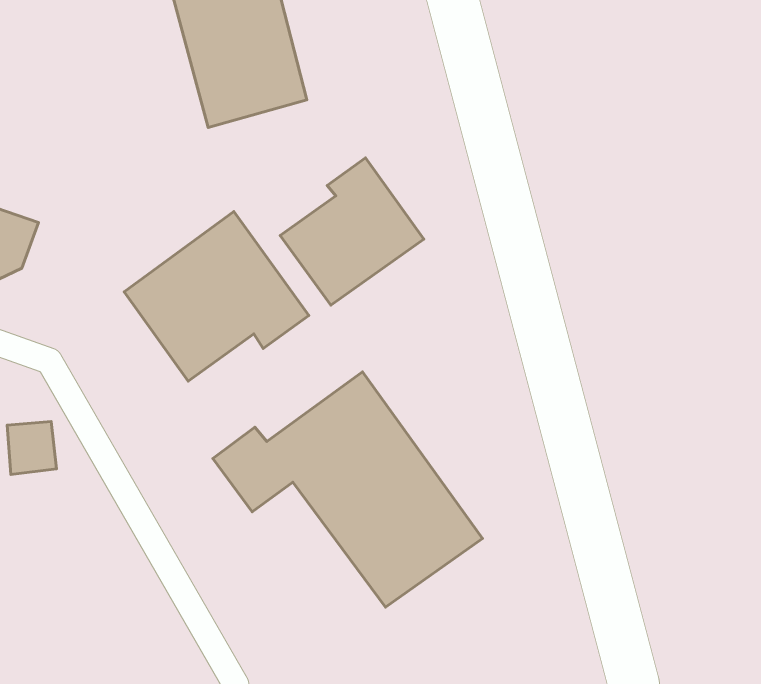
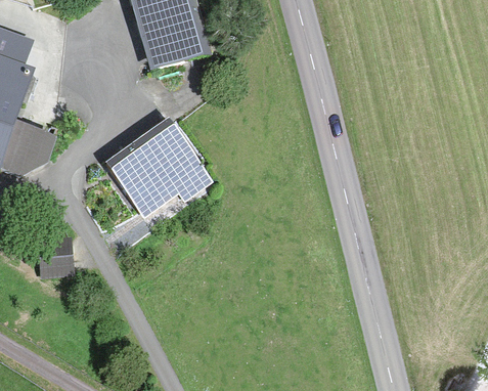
building: [280,158,424,305] -> none
building: [213,372,483,607] -> none

